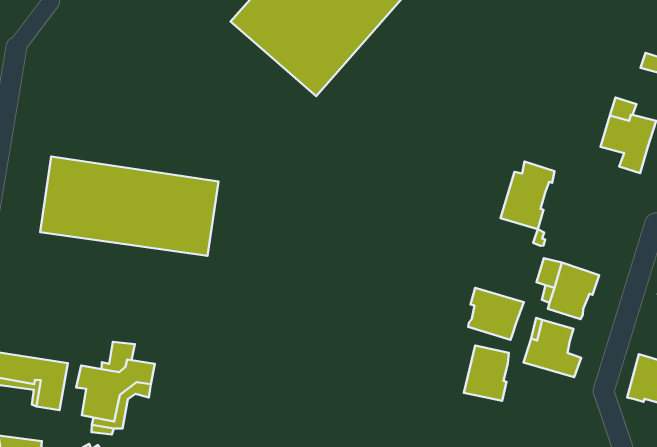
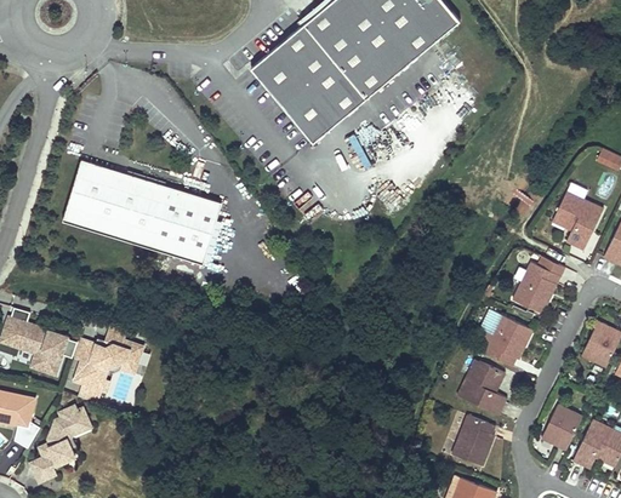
building: [501,162,554,229] -> [512,256,564,315]
building: [468,288,524,340] -> none
building: [464,345,509,401] -> [451,416,495,466]

